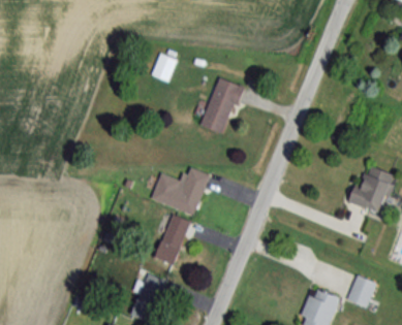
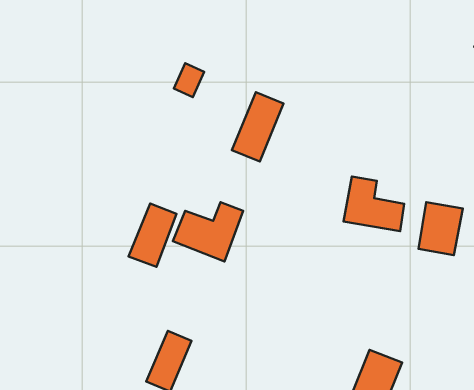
building: none -> [343,177,404,231]
building: [151,214,190,265] -> [129,204,177,267]
building: [347,275,376,307] -> none

